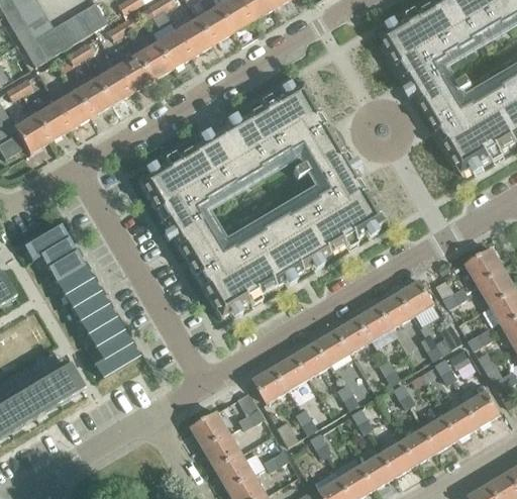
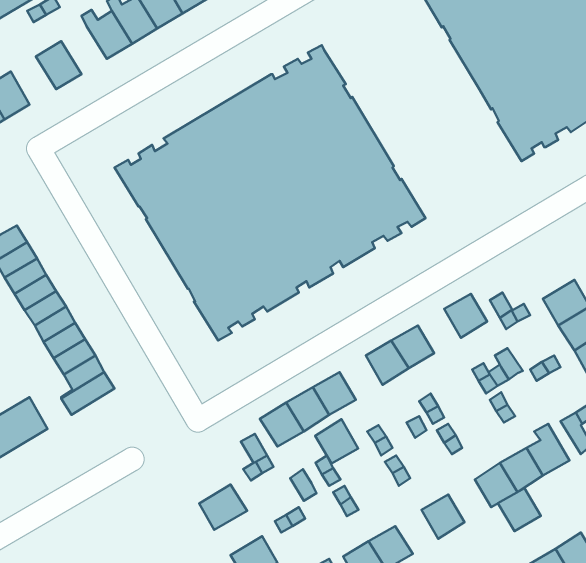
building: [94,66,130,104] -> none
building: [54,90,90,128] -> none
building: [466,247,504,284] -> none
building: [379,292,413,327] -> none
building: [316,329,350,365] -> [315,419,358,463]
building: [191,411,229,447] -> none
building: [403,428,437,463] -> [498,488,541,531]
building: [360,453,395,488] -> none
building: [216,454,254,489] -> none

